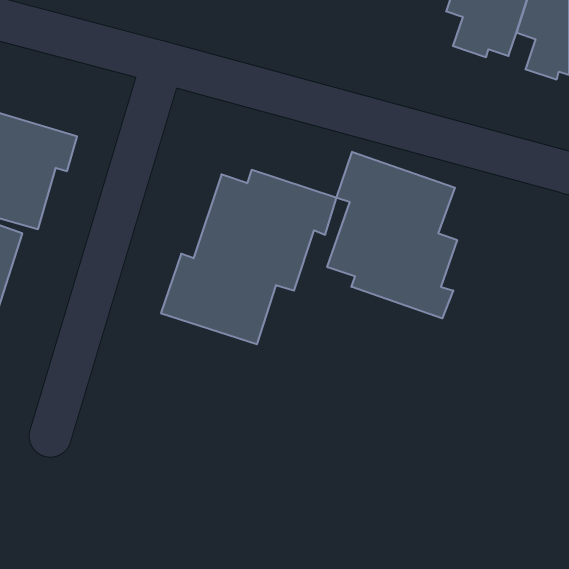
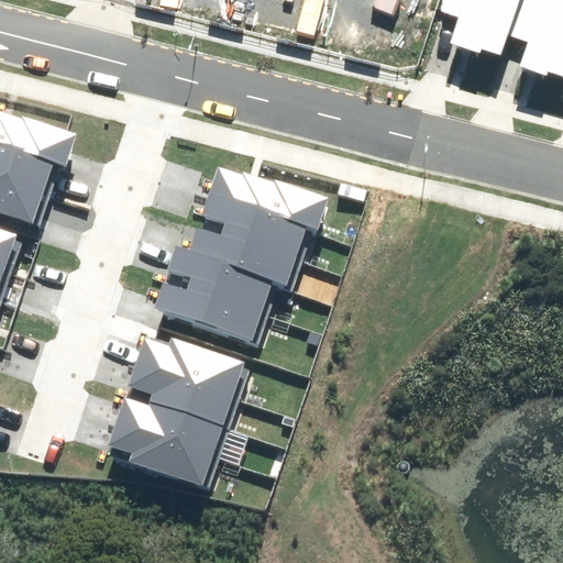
building: [327,152,457,318] -> none
building: none -> [108,341,250,489]

